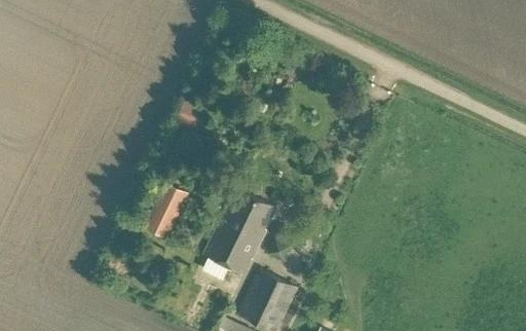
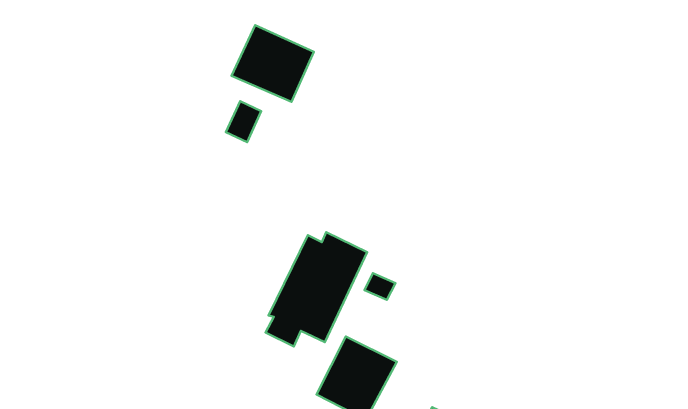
building: none -> [232,25,314,102]
building: [145,183,190,238] -> none

